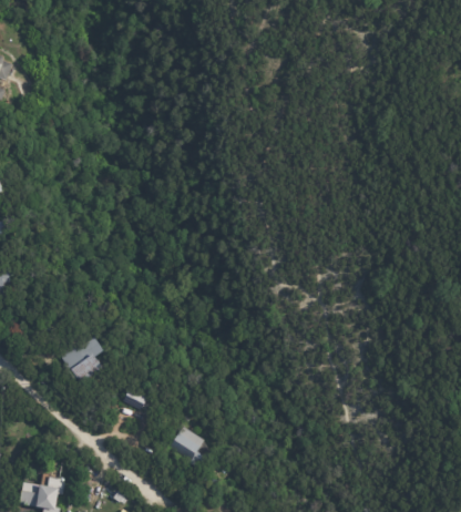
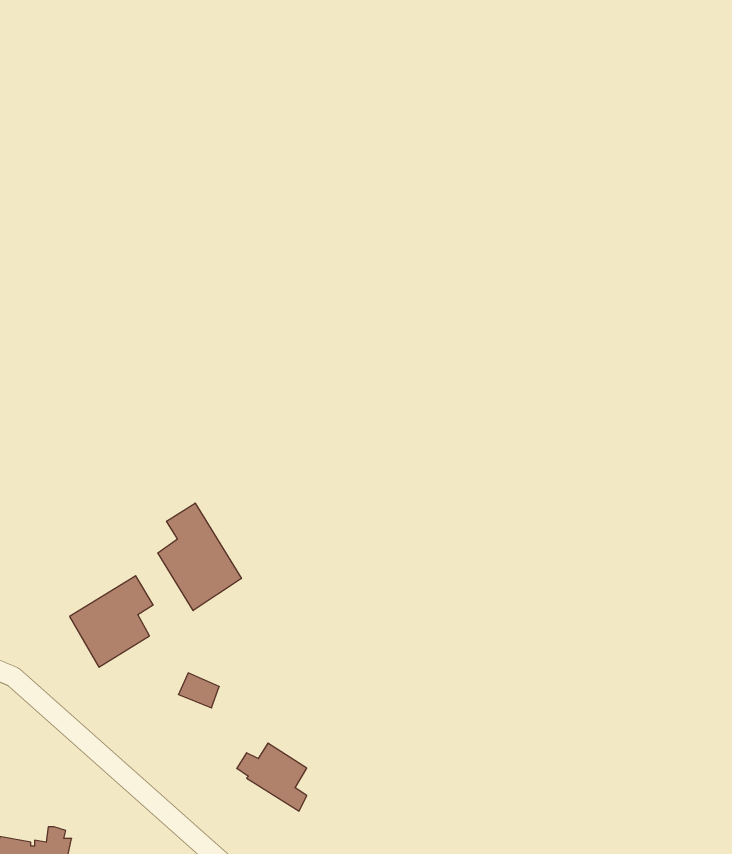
building: none -> [158,503,241,611]

